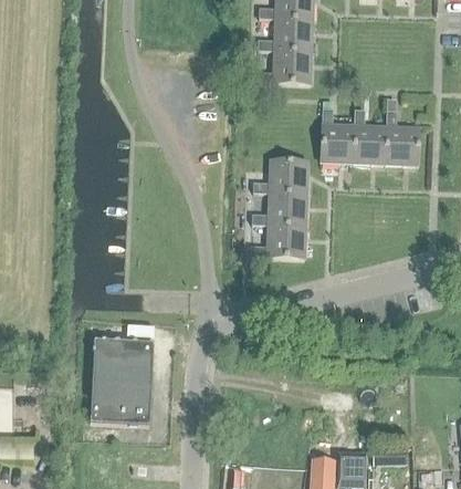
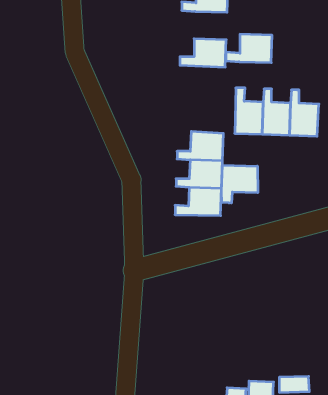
building: [258,20,312,53] -> [226,34,272,63]
building: none -> [221,165,258,203]
building: [90,341,153,426] -> none

